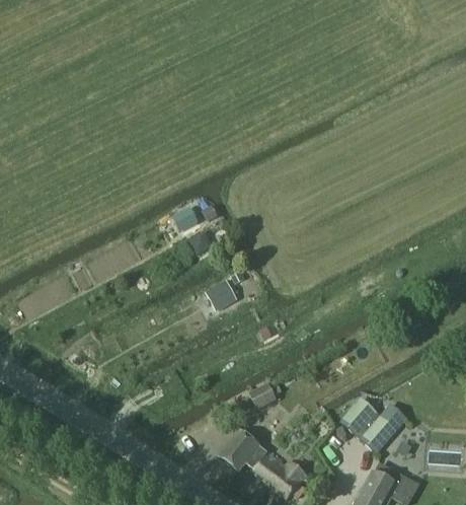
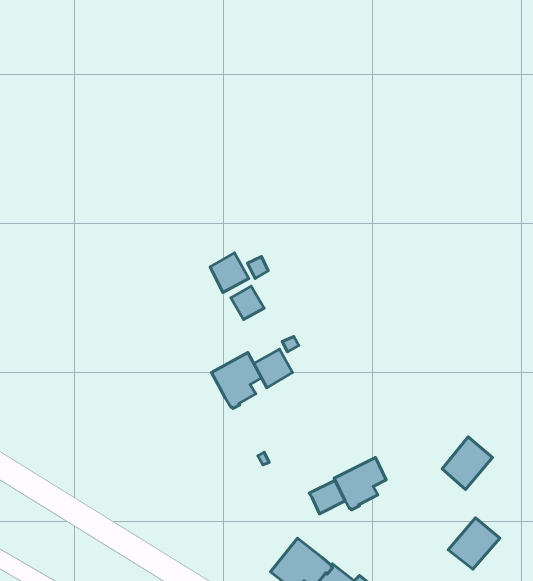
building: none -> [212,353,261,409]
building: none -> [334,457,386,510]
building: [339,395,379,437] -> [442,437,492,490]

